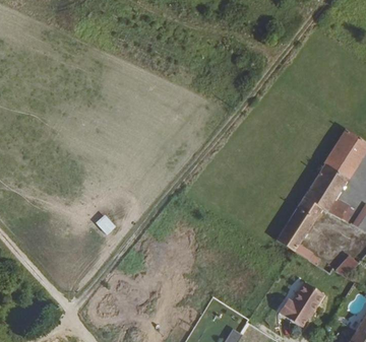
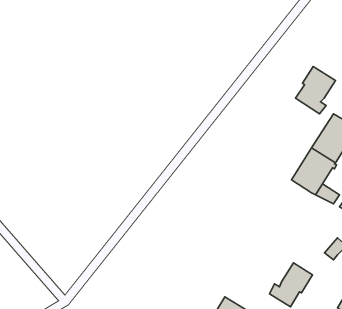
building: none -> [295,67,335,114]
building: [277,198,323,263] -> none

